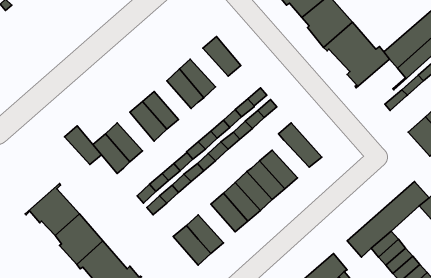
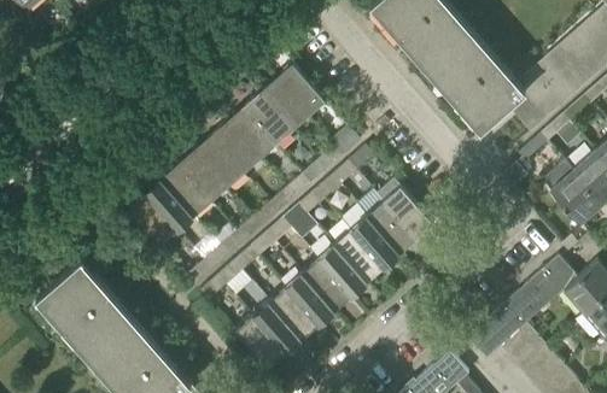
building: none -> [257,78,308,130]
building: none -> [209,122,258,174]
building: [64,126,101,165] -> [159,164,209,216]
building: none -> [367,201,416,252]
building: none -> [268,287,317,339]

